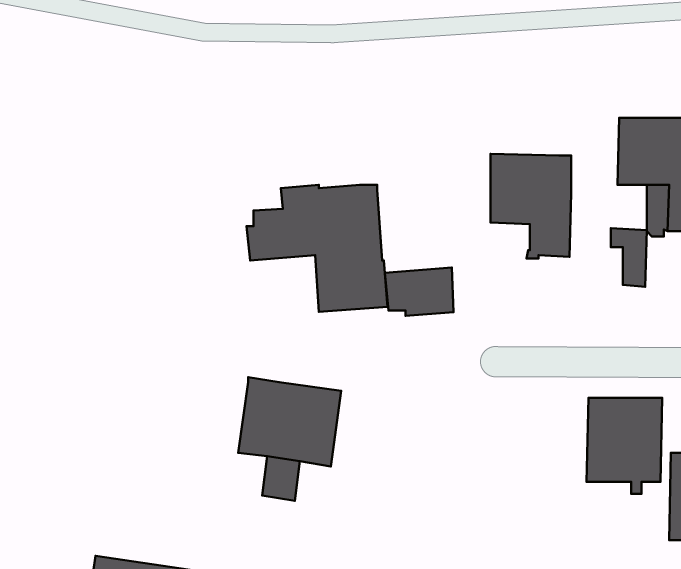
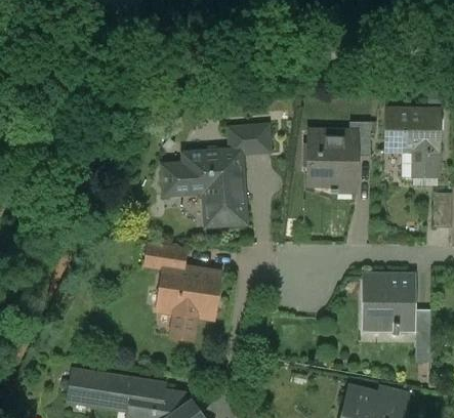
building: [611,228,647,287] -> [349,121,371,156]
building: [385,268,454,316] -> [229,124,270,153]
building: none -> [147,242,185,267]

